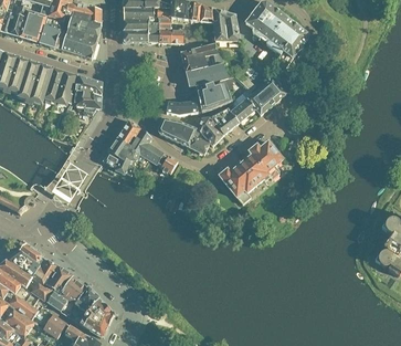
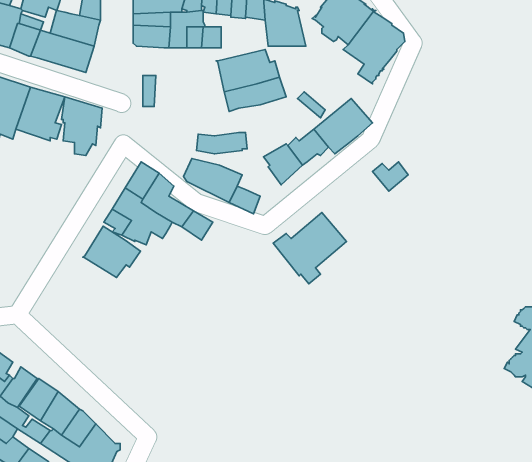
building: [194,81,231,111] -> none
building: [193,116,223,145] -> none
building: [247,139,283,179] -> none
building: none -> [83,226,140,278]

